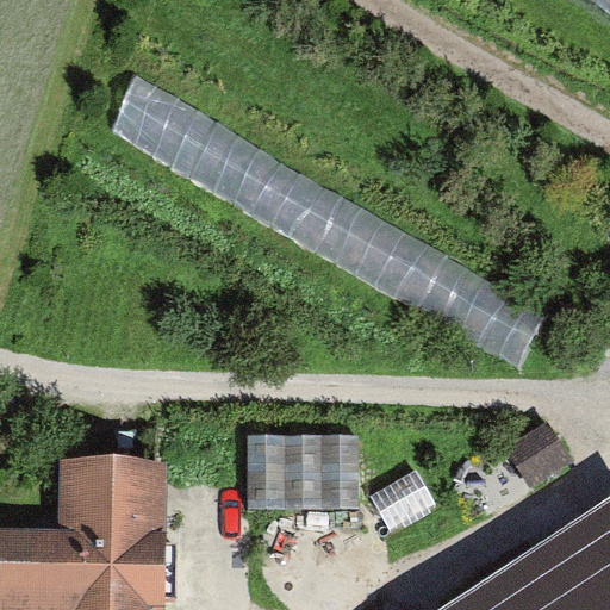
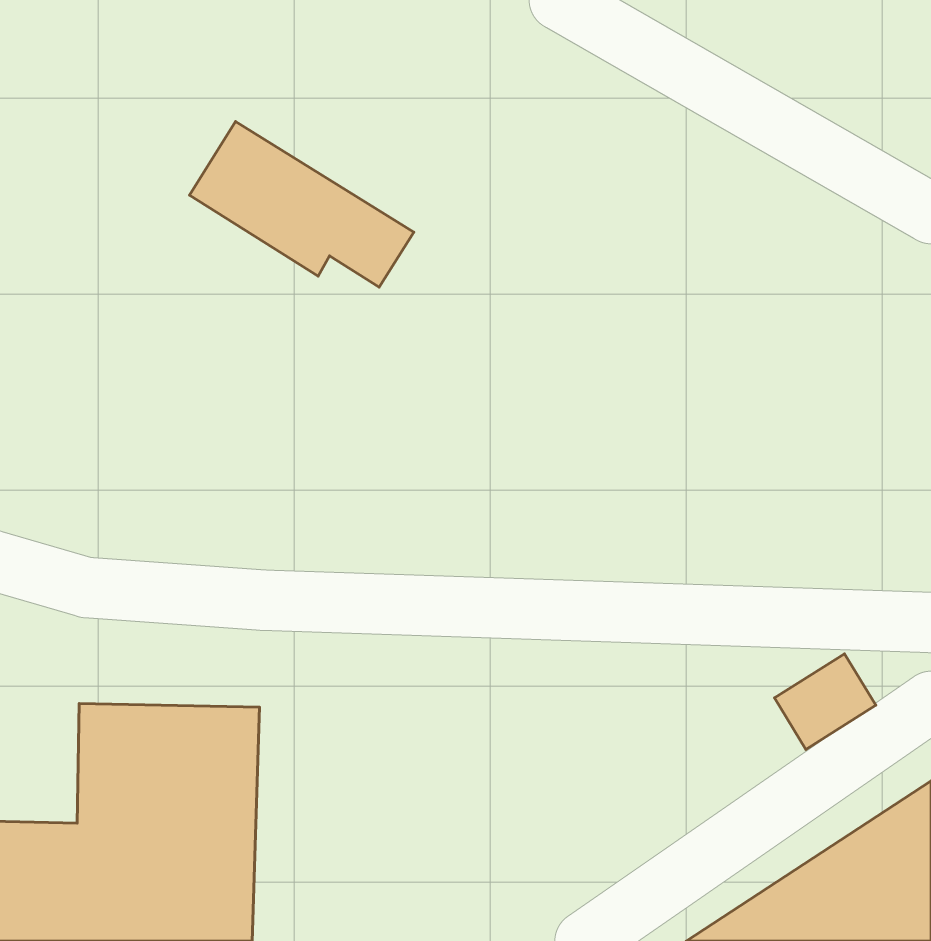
building: [260,442,354,512] -> none

